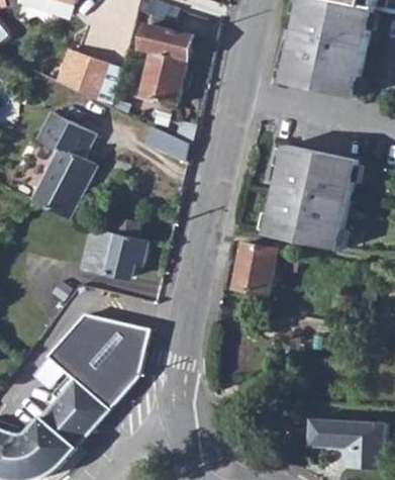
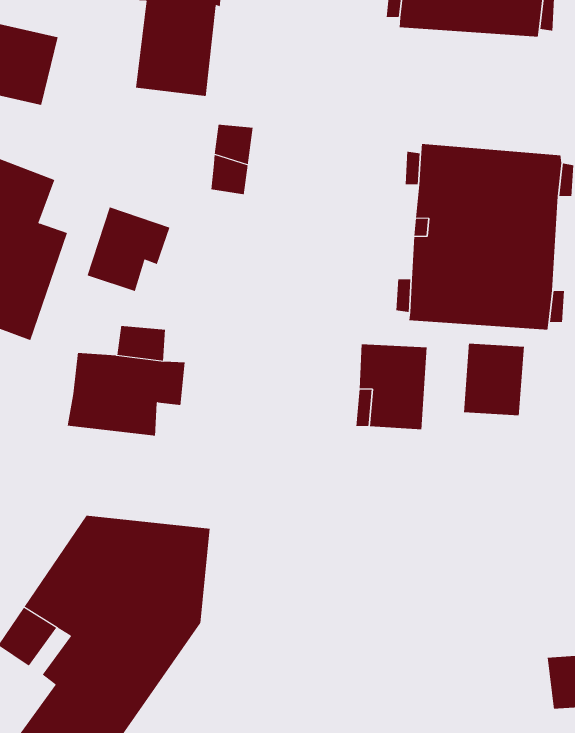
building: none -> [87,206,170,292]
building: none -> [463,343,524,416]

